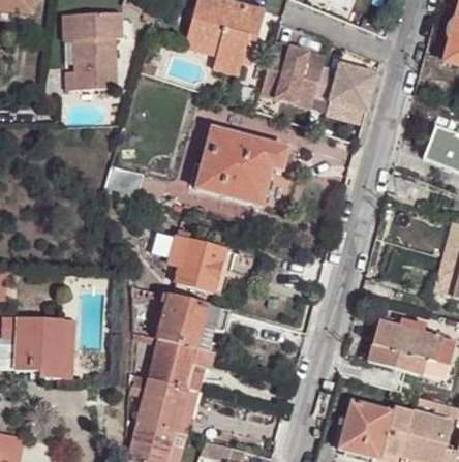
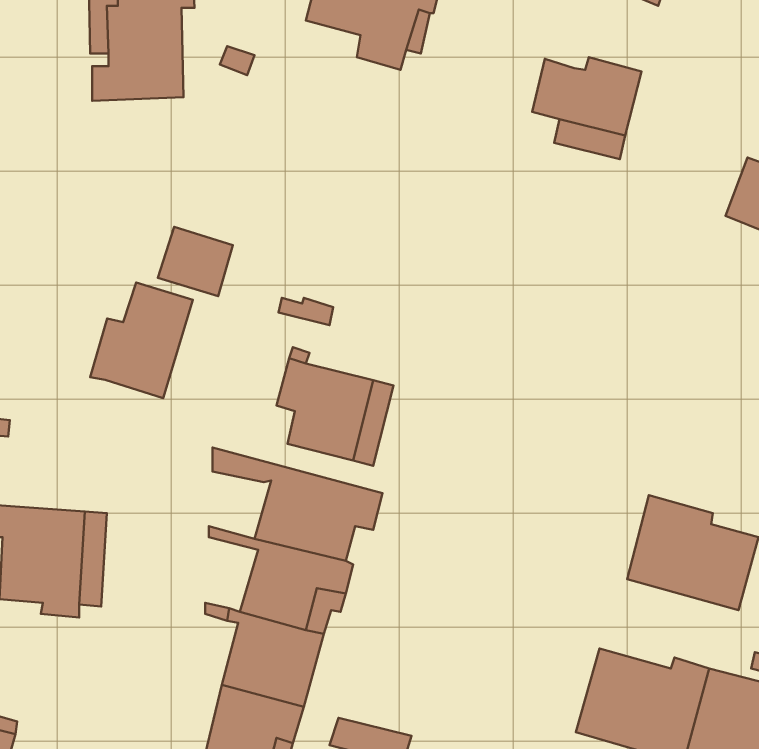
building: [257,42,324,107] -> none
building: [198,126,287,201] -> none
building: none -> [90,283,193,398]

